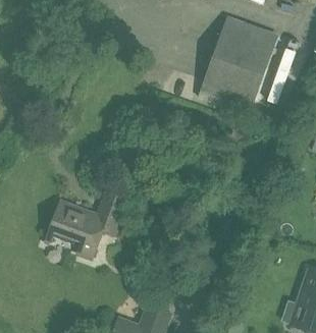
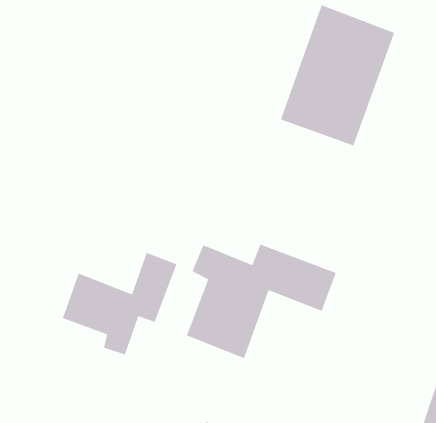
building: none -> [186,244,337,359]

